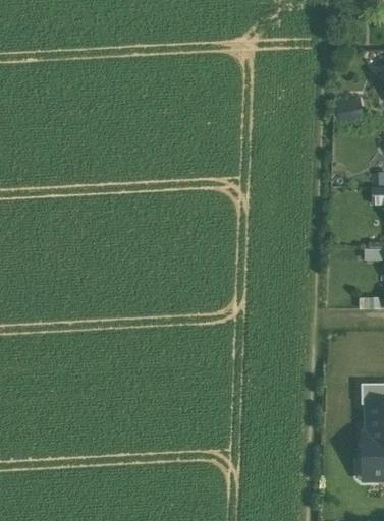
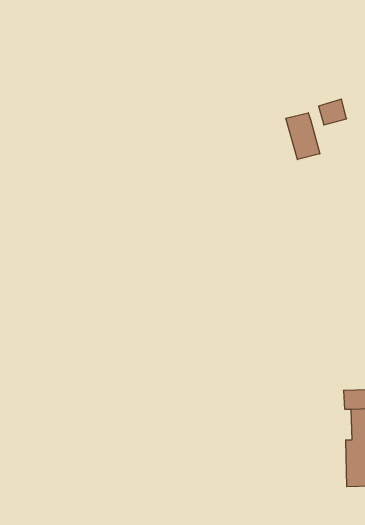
building: none -> [286,113,320,160]

